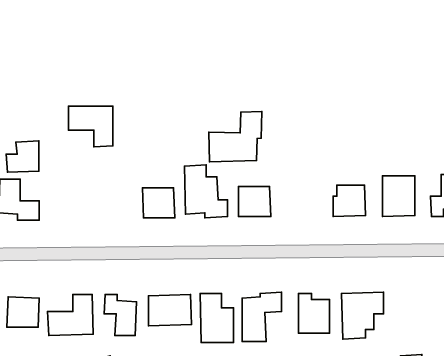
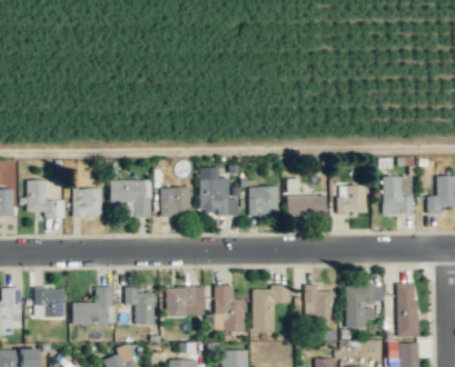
building: [69,106,113,147] -> [110,180,151,218]
building: [209,112,262,162] -> none
building: [6,141,39,172] -> [72,188,102,217]
building: none -> [287,196,326,217]
building: none -> [397,284,418,337]

